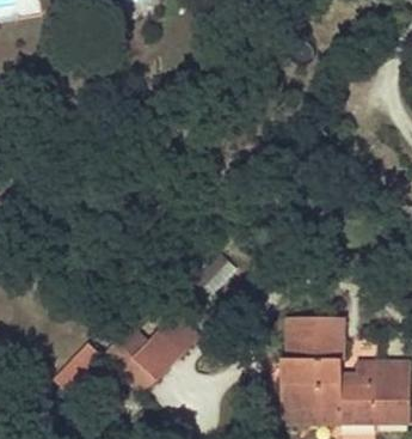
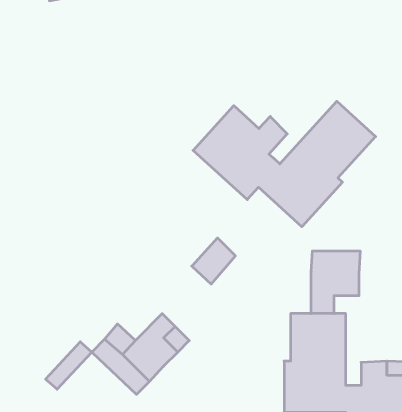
building: none -> [193,101,376,227]
building: none -> [311,251,360,314]

